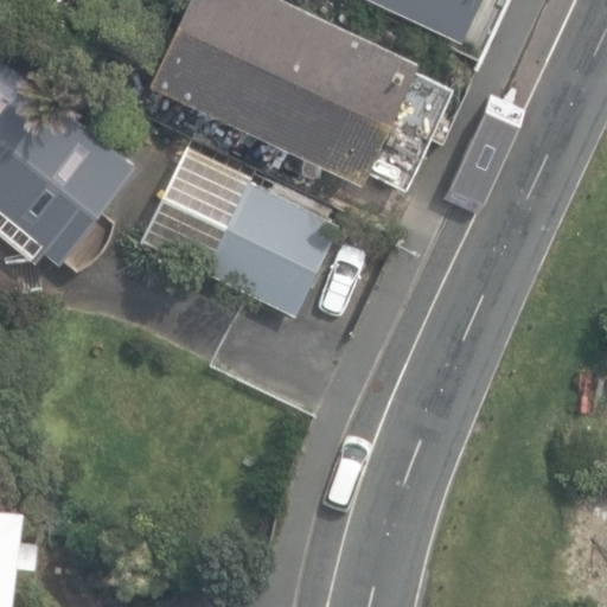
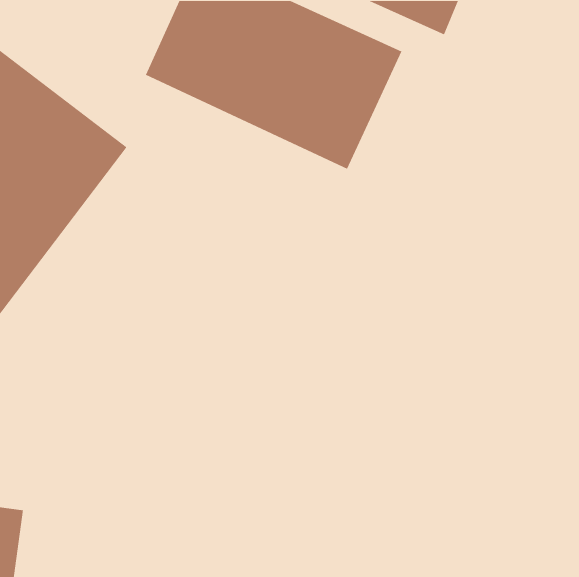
building: [136,146,339,321] -> none

